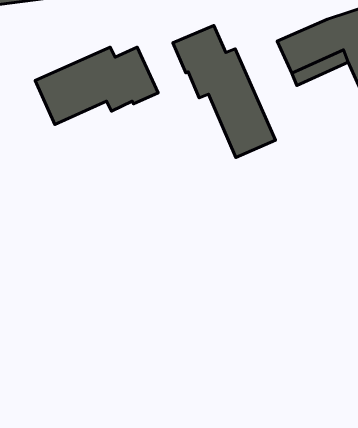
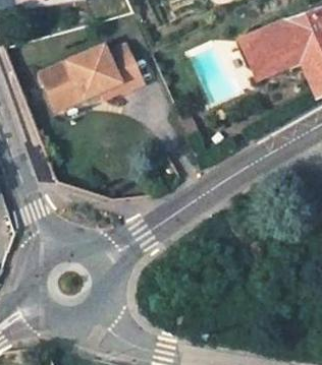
building: [173,25,275,157] -> none

